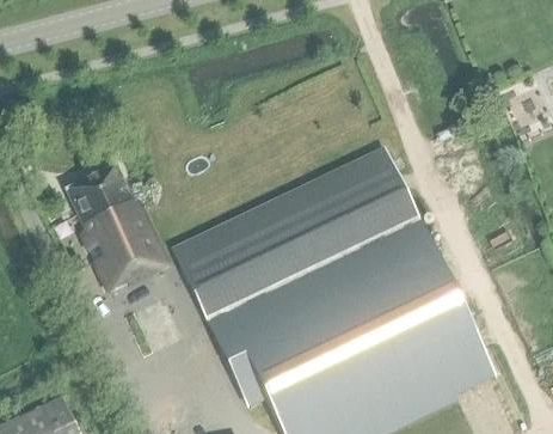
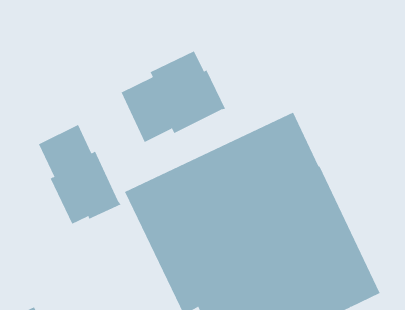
building: none -> [121,51,226,143]

